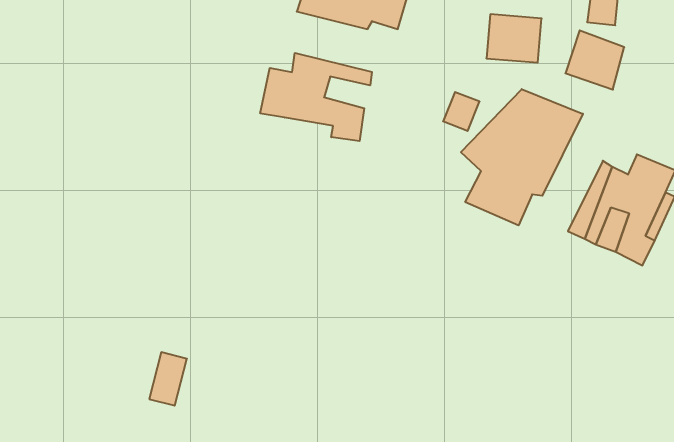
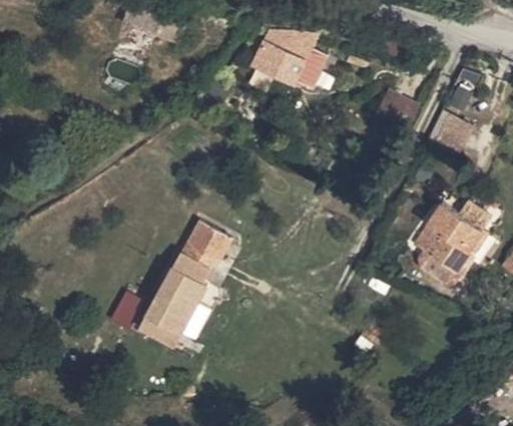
building: [260,53,372,141] -> none
building: [461,89,583,225] -> none
building: none -> [144,223,235,338]

